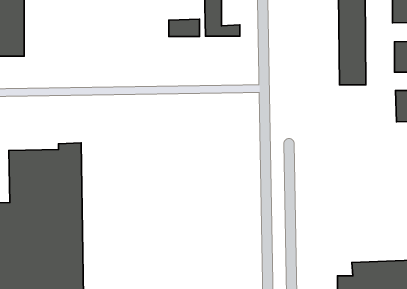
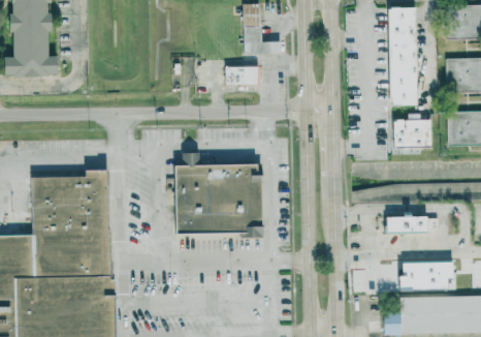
building: [169,19,199,36] -> [226,65,259,84]
building: none -> [393,119,435,148]
building: none -> [174,152,261,237]
building: none -> [386,216,427,233]
building: none -> [399,261,454,290]

